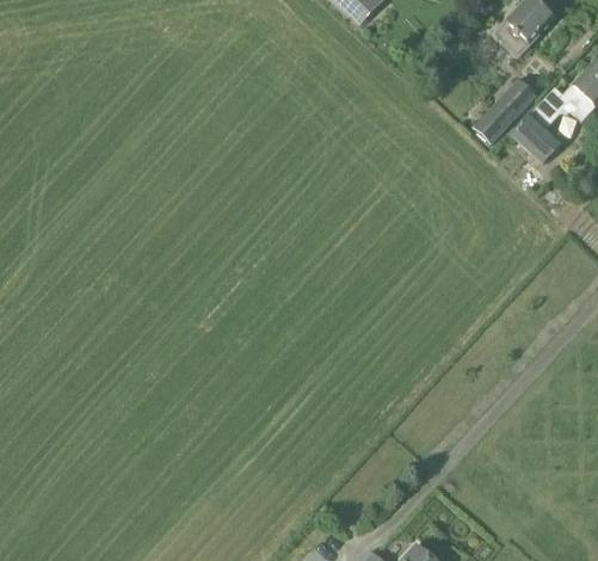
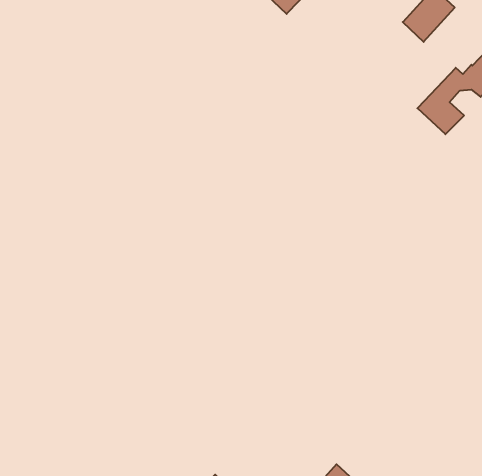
building: [473,76,537,143] -> none

